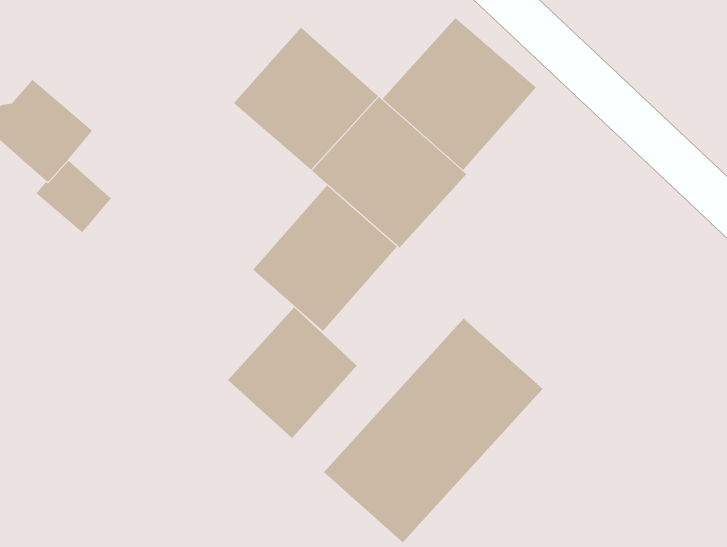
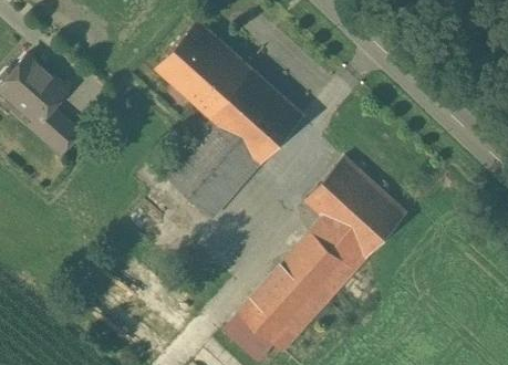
building: [382,17,537,171] -> none
building: none -> [297,156,403,261]
building: [227,306,358,439] -> none

